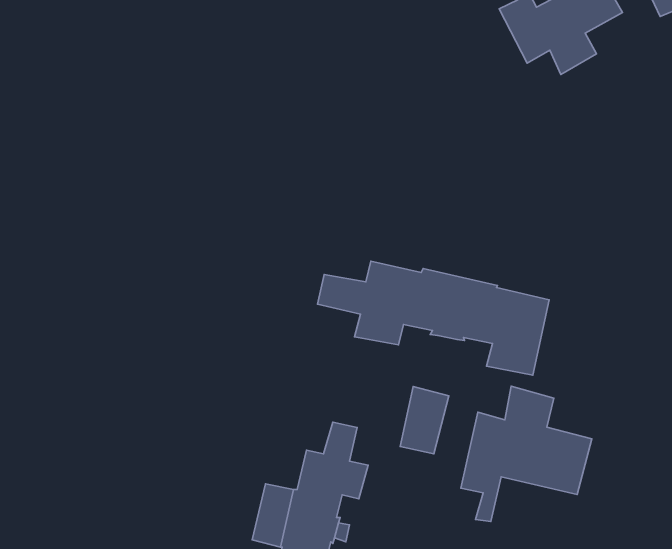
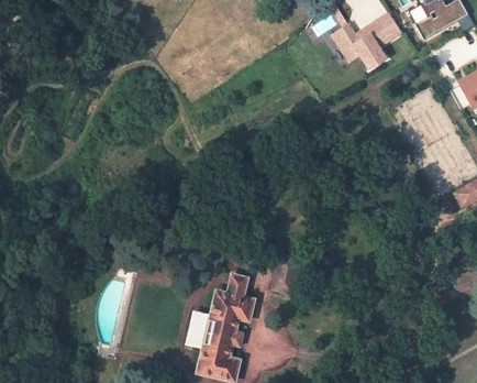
building: [317,261,549,375] -> none
building: [461,386,592,522] -> none

